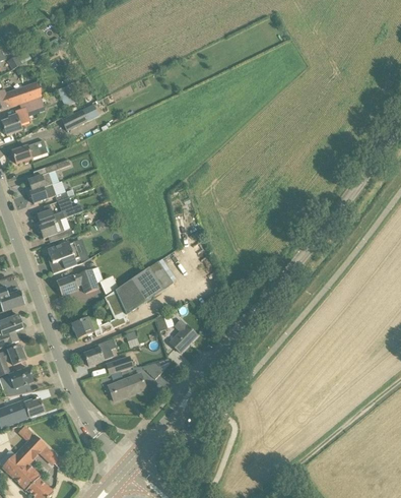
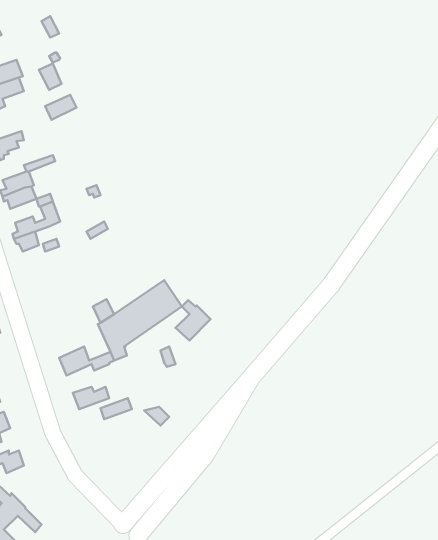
building: [47,241,79,272] -> none
building: [56,269,97,296] -> none
building: [169,320,197,353] -> [176,300,211,340]
building: [108,373,145,400] -> none

